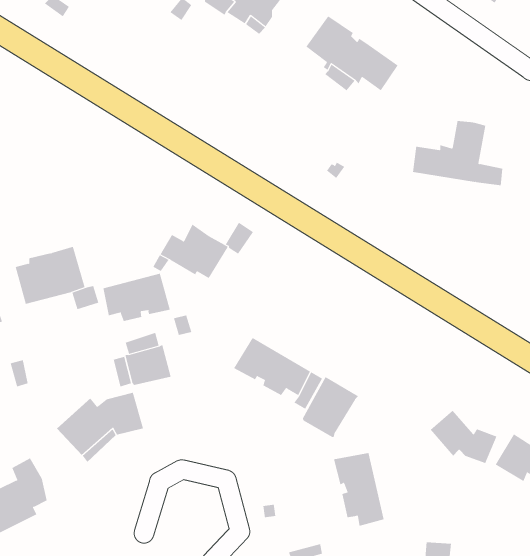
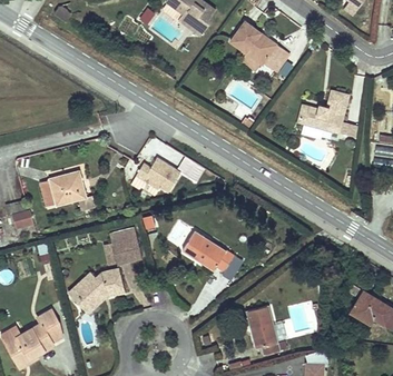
building: [103,273,170,322] -> none
building: [302,376,359,438] -> none
building: [430,410,497,464] -> none

